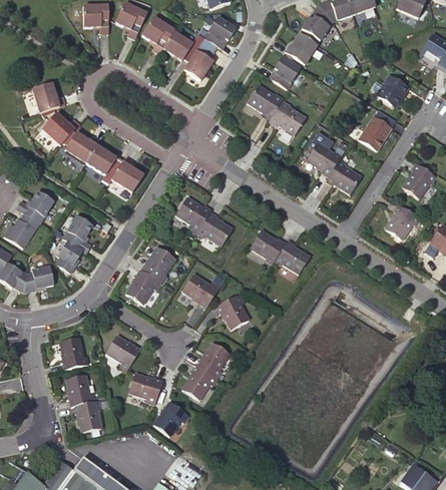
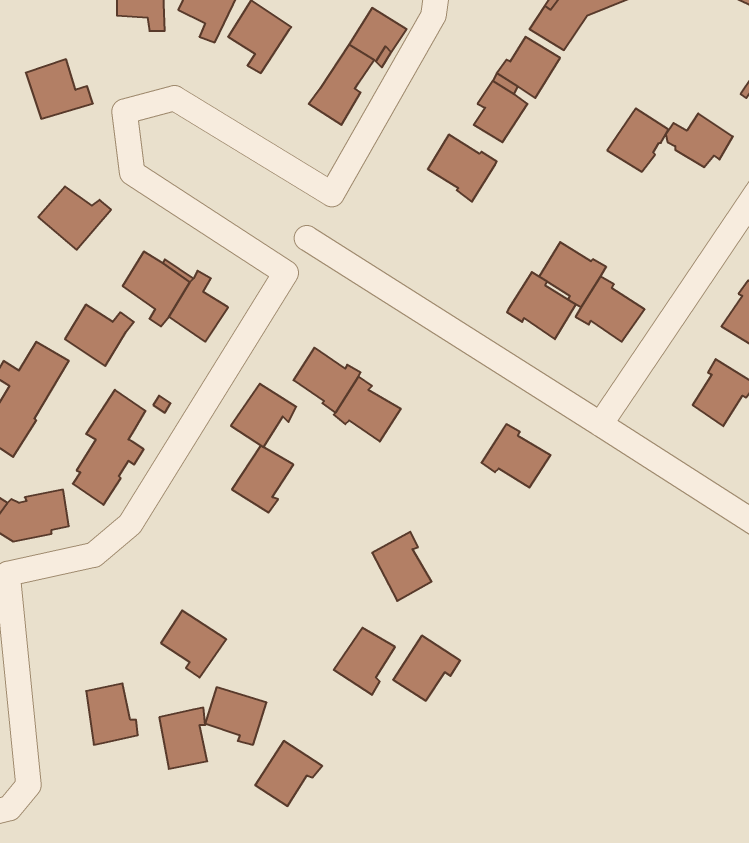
building: [163,30,205,61] -> none
building: [32,82,67,113] -> [26,59,93,119]
building: [269,101,305,136] -> [507,272,576,339]
building: [359,116,391,149] -> [607,108,669,172]
building: [66,132,102,164] -> [65,305,134,366]
building: [251,226,286,260] -> none
building: [129,271,163,304] -> [231,384,296,447]
building: [183,275,219,307] -> none
building: [62,335,90,367] -> none
building: [182,365,217,399] -> [393,636,460,701]
building: [77,398,102,430] -> [159,708,207,769]

